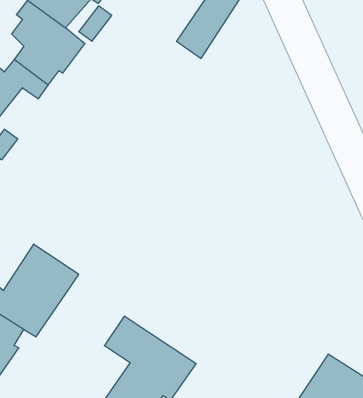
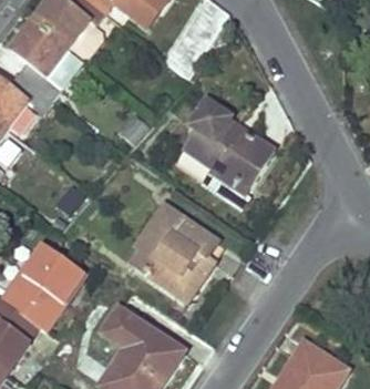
building: none -> [186,101,275,206]
building: none -> [133,205,219,295]

